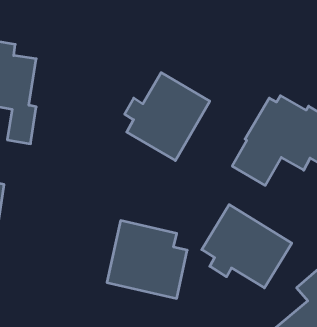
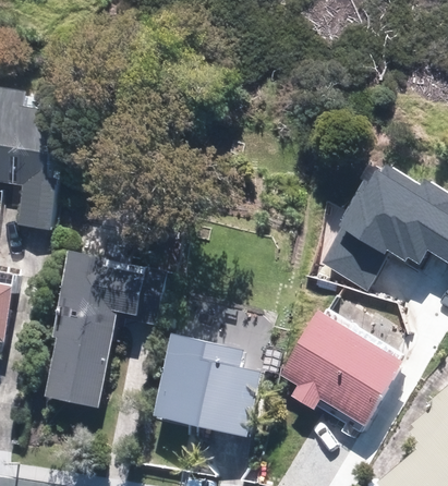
building: [125,73,210,161] -> none
building: none -> [39,251,146,408]

